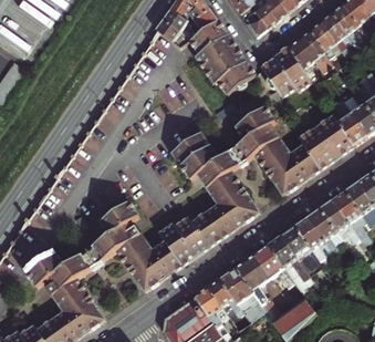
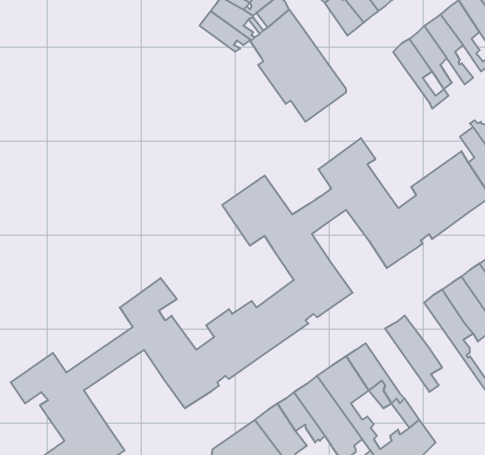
building: [261,46,311,96] -> none
building: [294,217,341,267] -> none
building: [268,235,310,280] -> none

